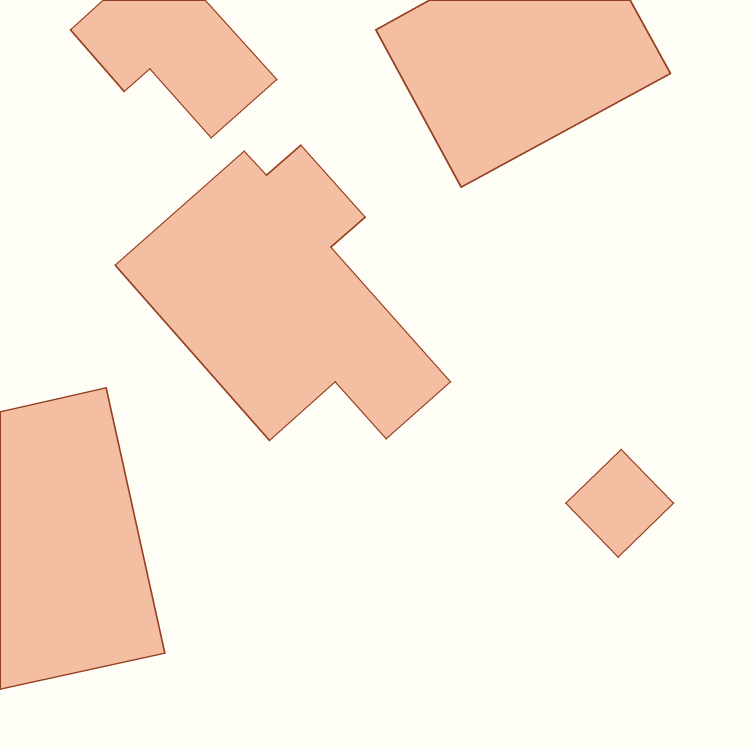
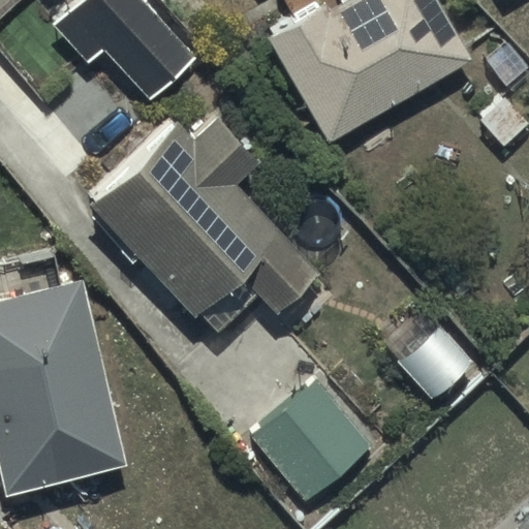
building: none -> [249,382,372,506]

